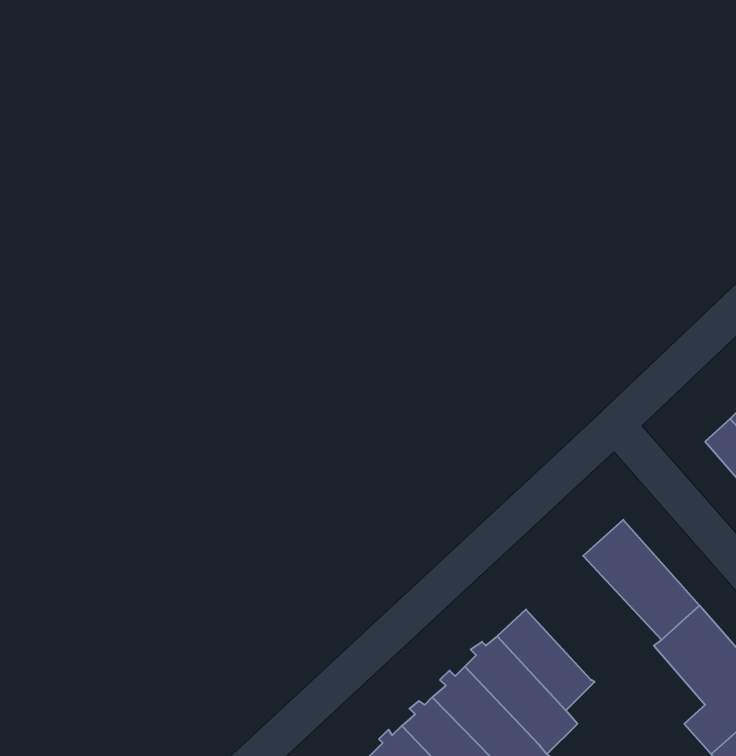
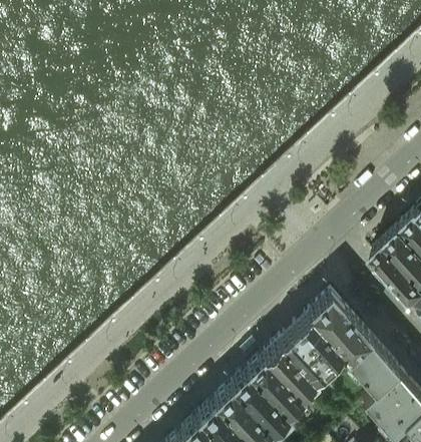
building: none -> [278,315,349,380]

